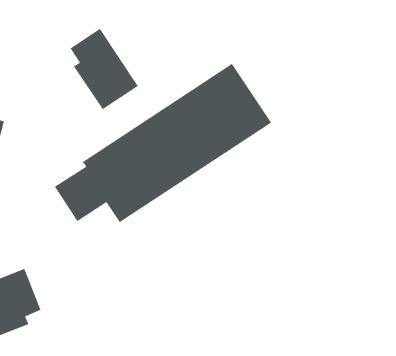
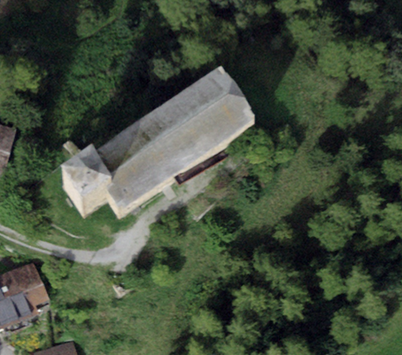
building: [70,28,139,110] -> none

